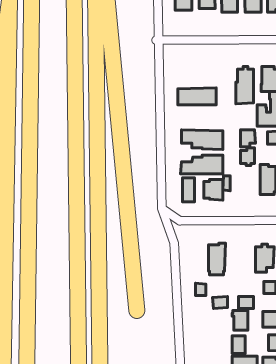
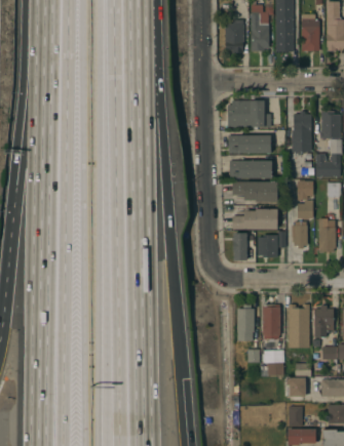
building: none -> [227,99,271,127]
building: none -> [229,160,271,177]
building: none -> [292,220,307,248]
building: none -> [236,305,254,341]
building: none -> [289,305,309,348]

